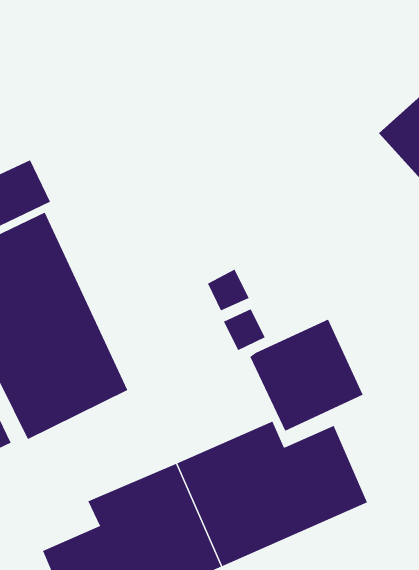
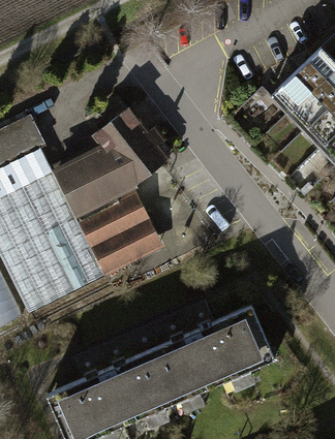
building: none -> [58,109,171,215]
building: [250,319,364,431] -> [82,196,162,276]

